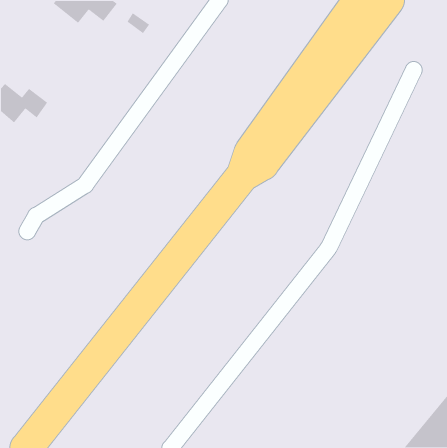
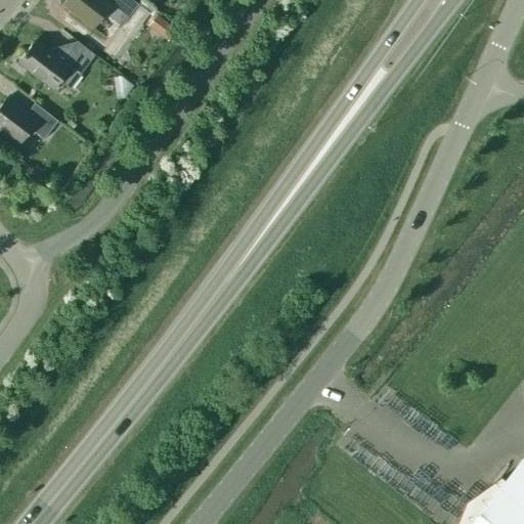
building: none -> [18,39,95,88]

